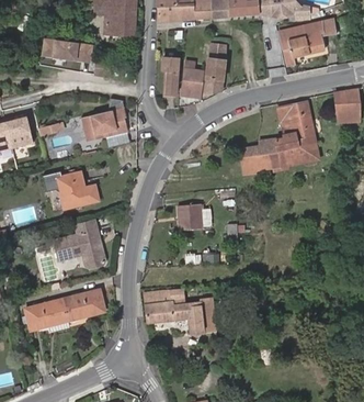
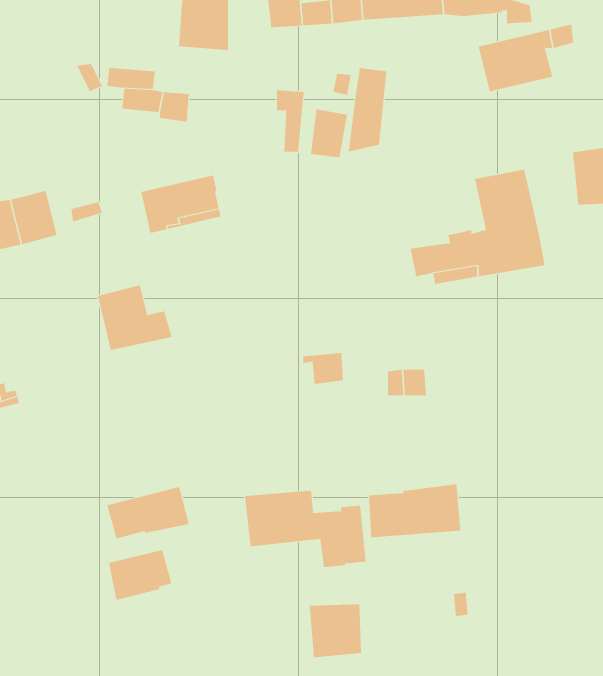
building: [53,220,104,268] -> none
building: none -> [368,484,461,538]
building: [32,299,69,328] -> [108,549,172,600]
building: none -> [309,604,361,658]

